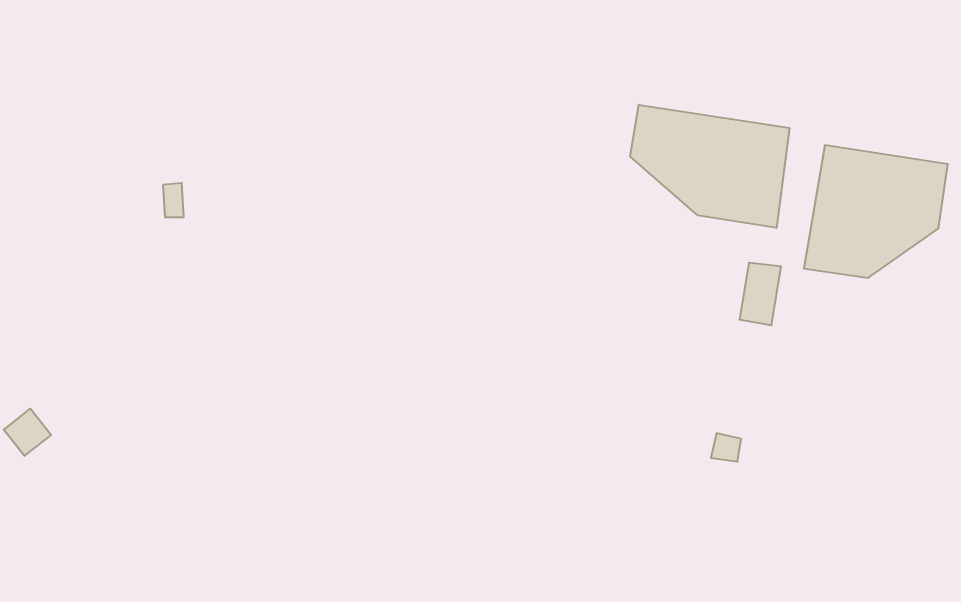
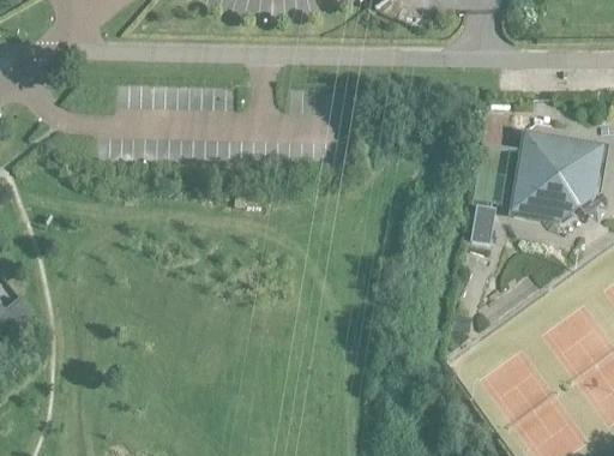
building: [630,105,789,228] -> none

